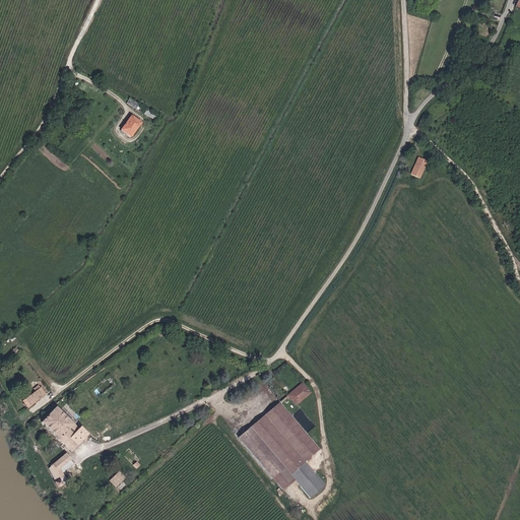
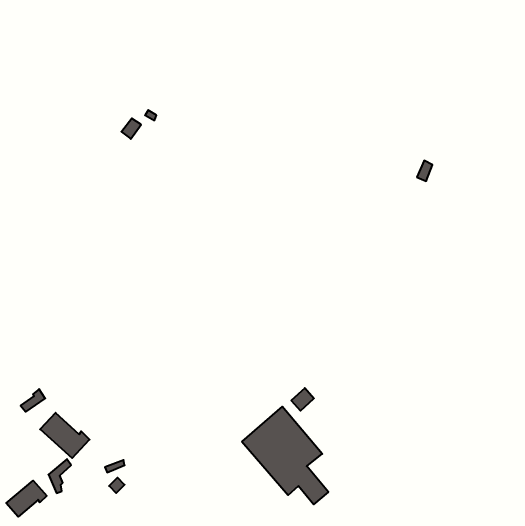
building: none -> [6,481,47,517]

